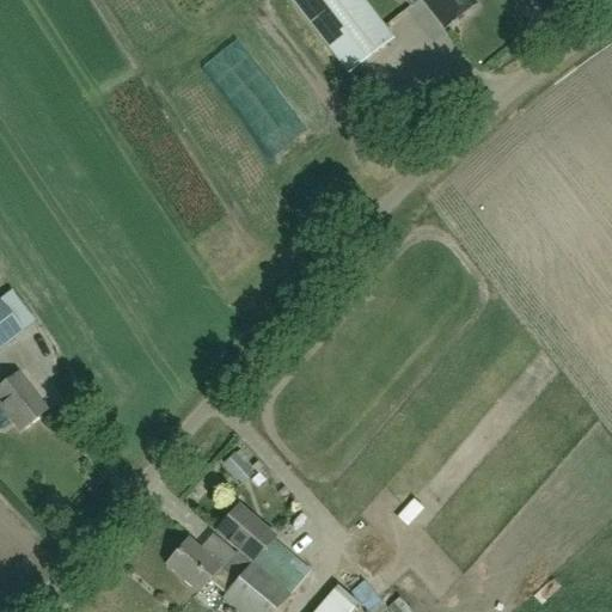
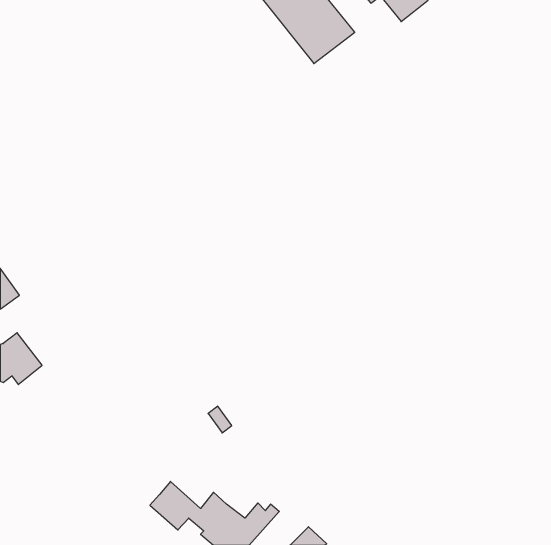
building: [215,501,286,575] -> none

